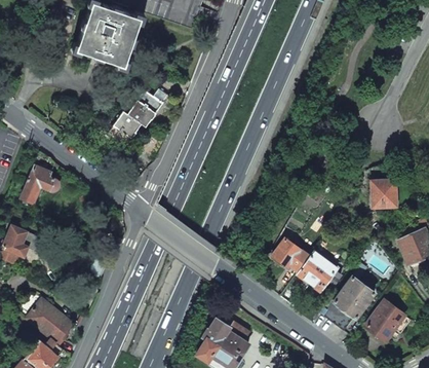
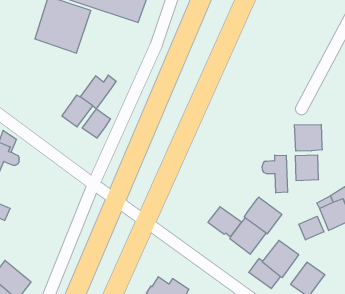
building: none -> [82,109,110,138]
building: none -> [295,124,322,151]
building: none -> [262,155,288,193]
building: none -> [244,197,282,234]
building: none -> [299,216,324,240]

